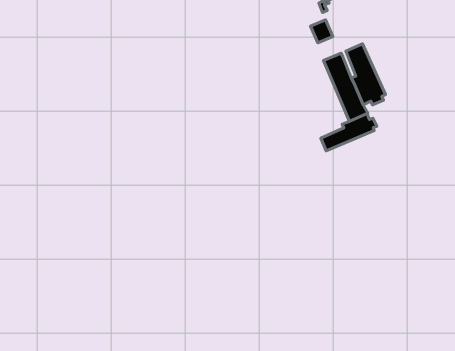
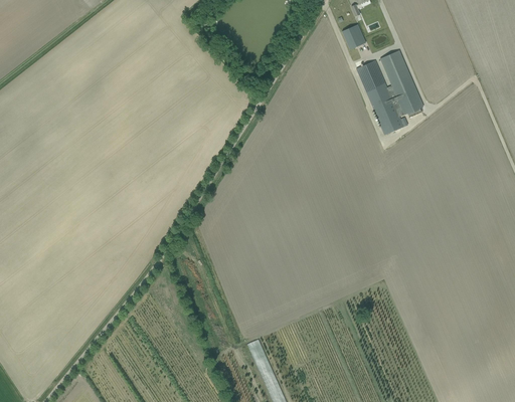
building: [321,114,377,151] -> none

